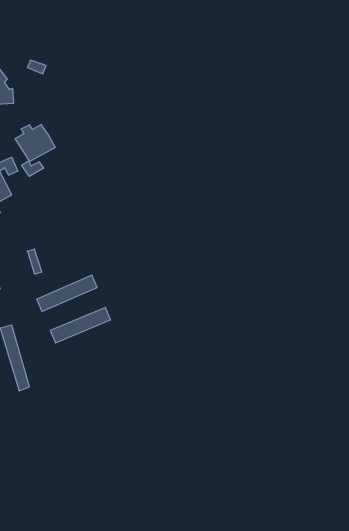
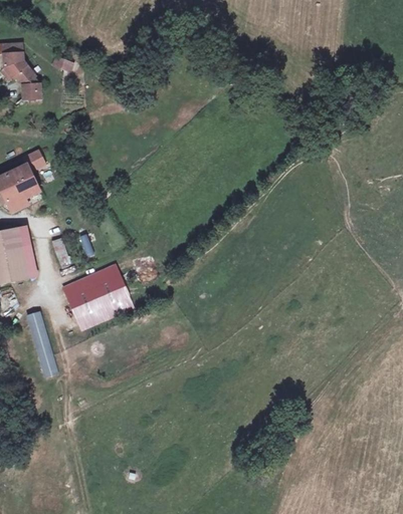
building: [15,124,55,176] -> none
building: none -> [68,277,130,318]

